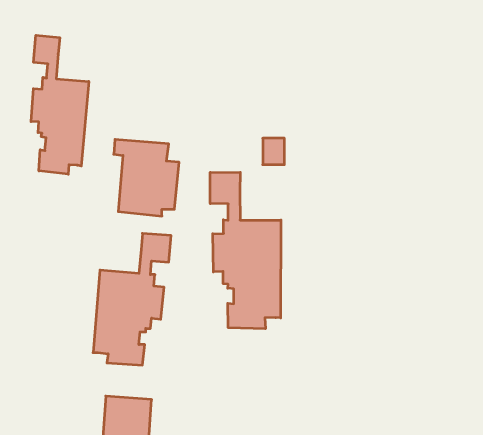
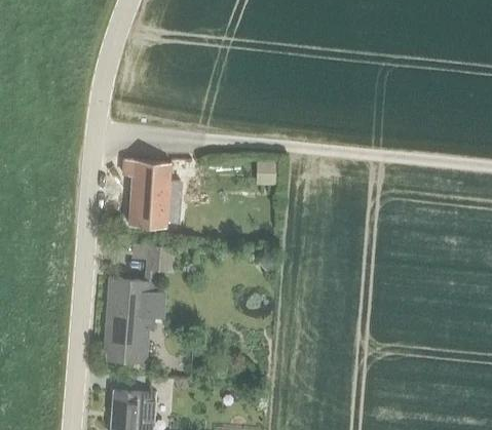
building: [31,35,89,174] -> none
building: [210,172,281,329] -> none

